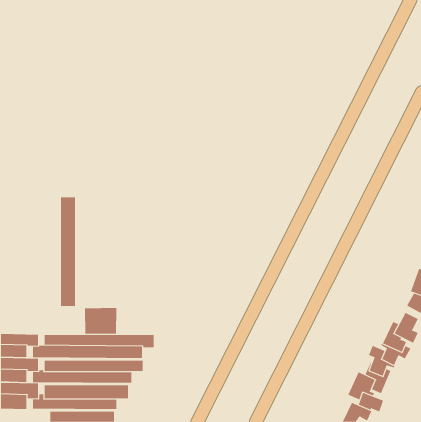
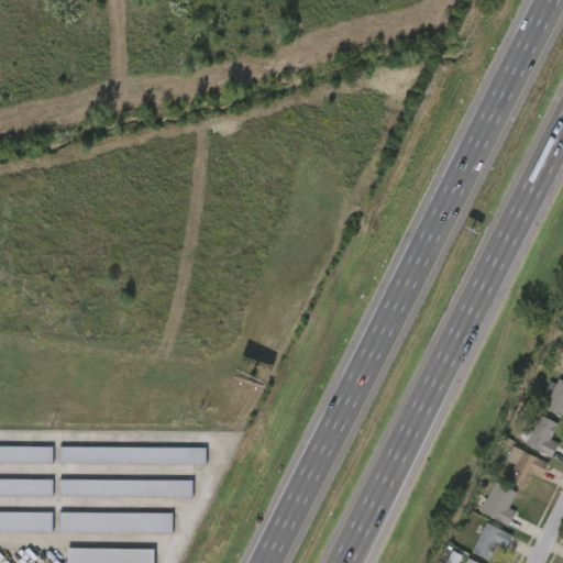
building: [60,196,75,307] -> none
building: [85,307,117,334] -> none

